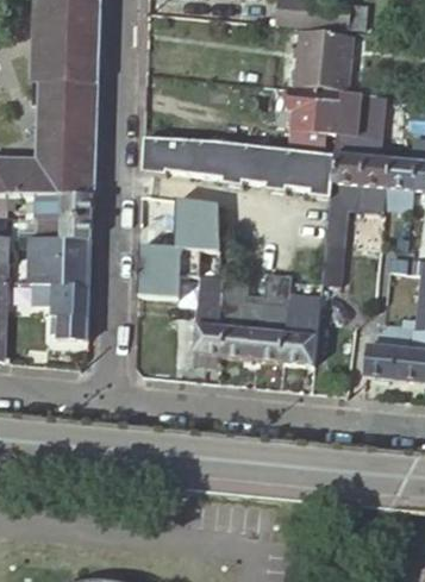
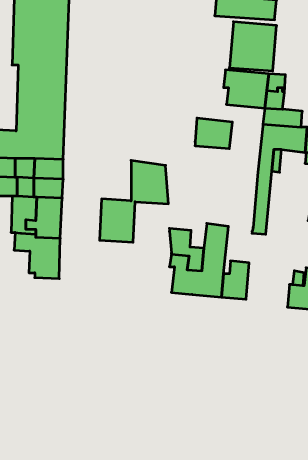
building: [145,137,255,173] -> none
building: [292,149,335,209] -> none
building: [195,279,227,355] -> none

